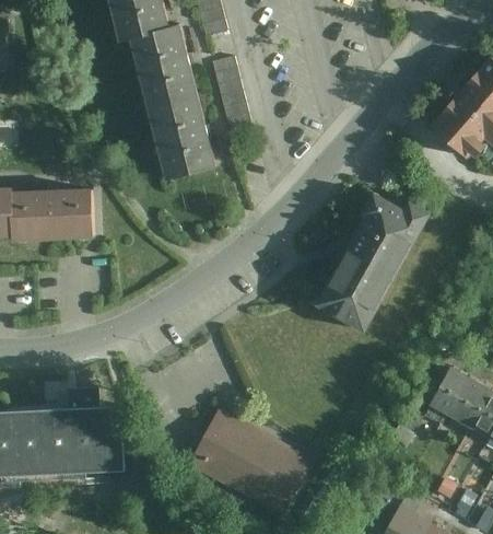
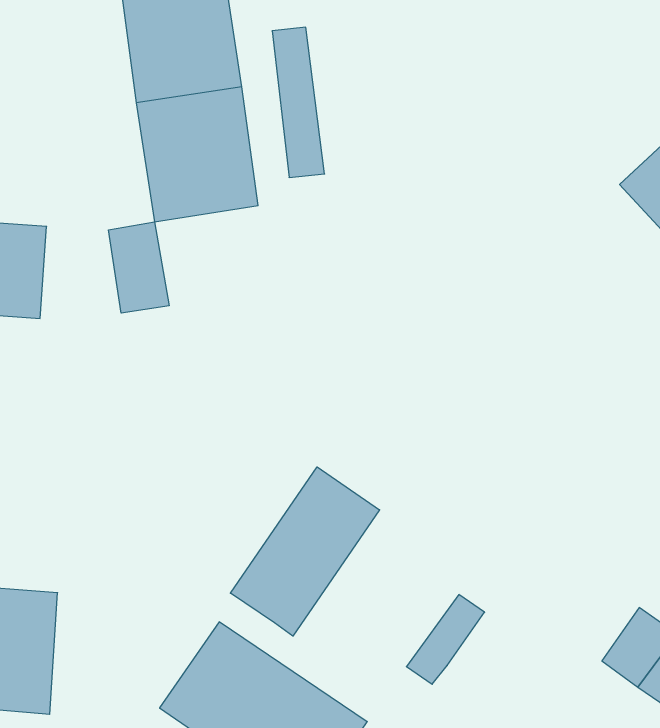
building: none -> [109,222,169,313]
building: [315,195,437,339] -> none
building: none -> [230,467,380,636]
building: [424,365,467,420] -> [406,595,485,684]

